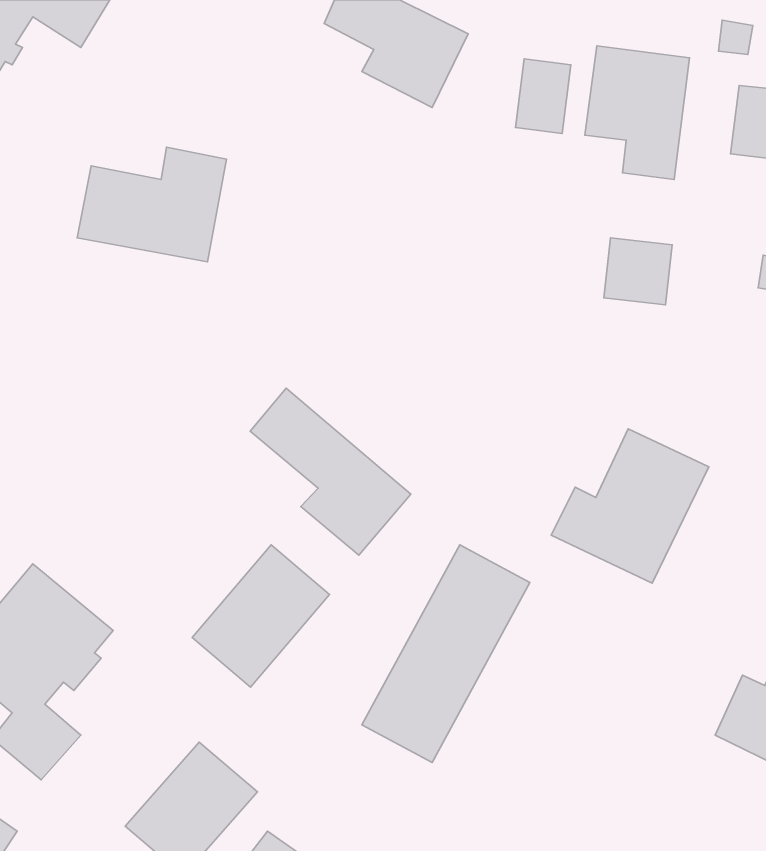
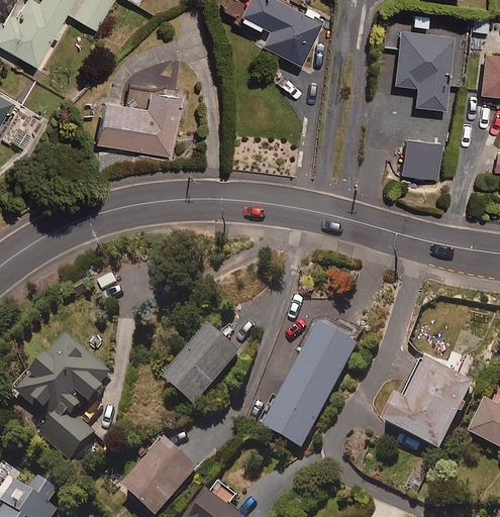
building: [515,59,571,133] -> none
building: [250,388,411,555] -> none
building: [551,429,709,583] -> [379,358,472,449]

